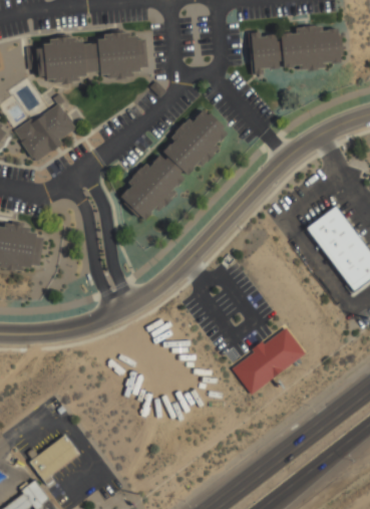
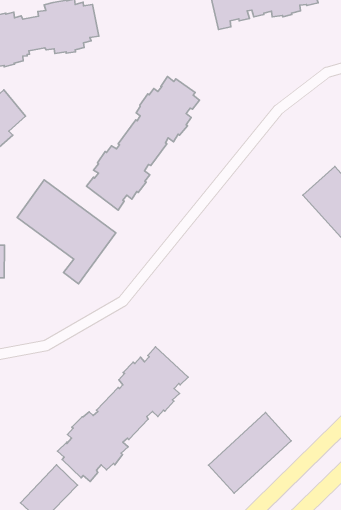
building: none -> [17,180,116,284]
building: [232,327,306,394] -> [209,413,291,493]
building: none -> [58,347,188,481]

